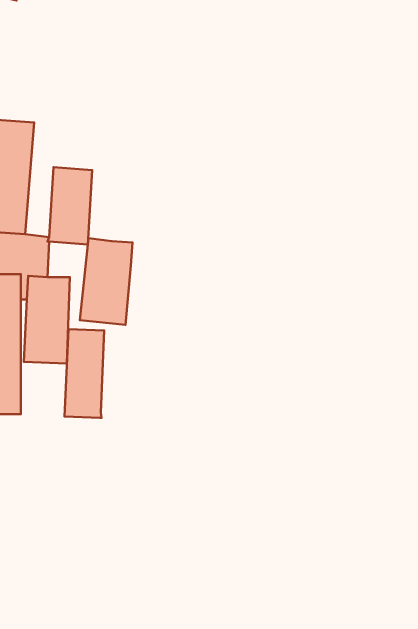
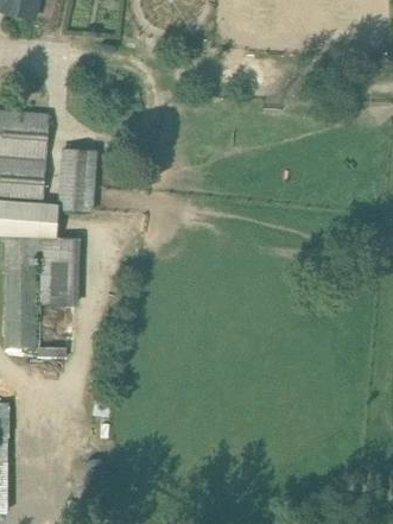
building: [80,238,133,325] -> none
building: [65,329,104,418] -> none

